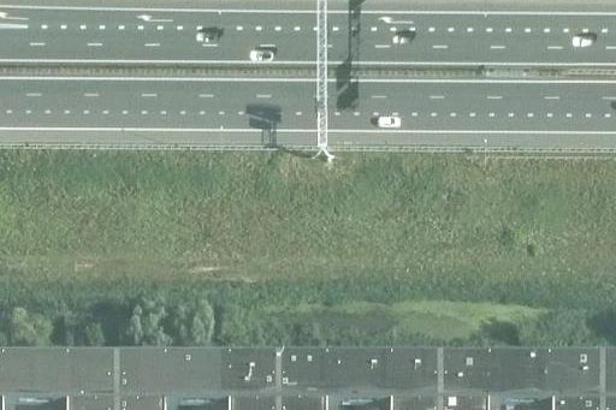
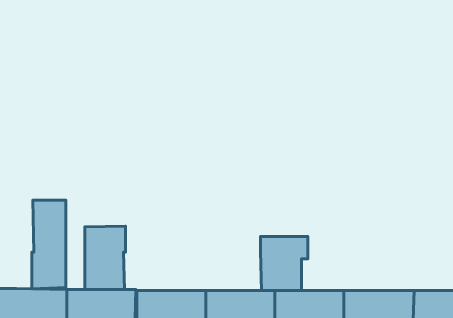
building: none -> [32,200,66,289]
building: none -> [85,226,126,289]
building: none -> [260,237,308,291]

